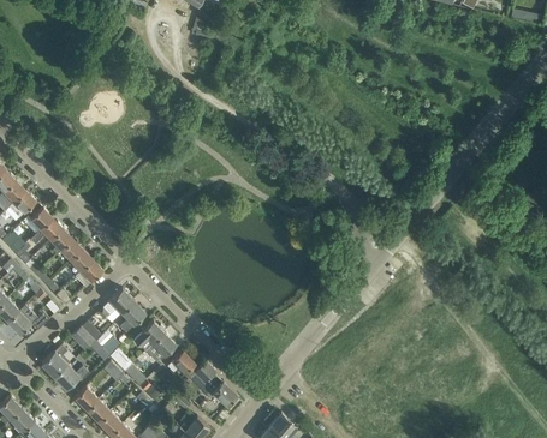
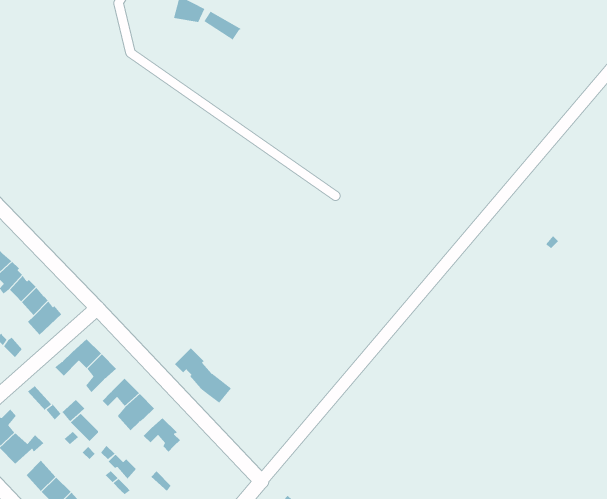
building: [191,361,237,406] -> [174,347,232,404]

